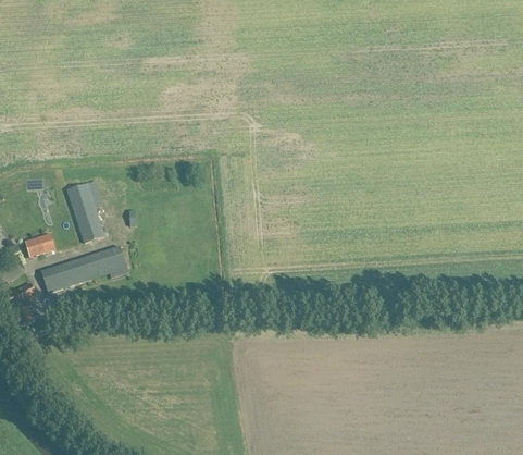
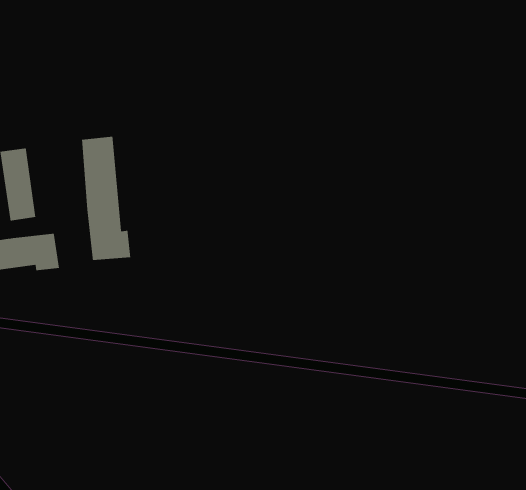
building: none -> [81,136,131,261]

